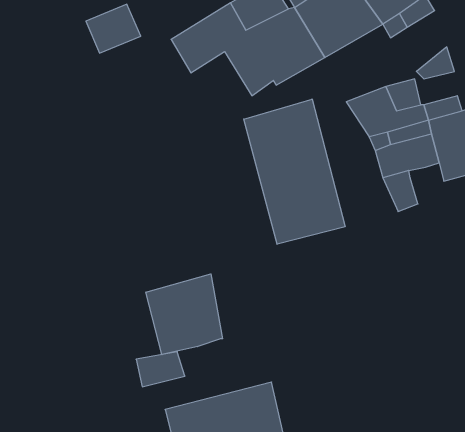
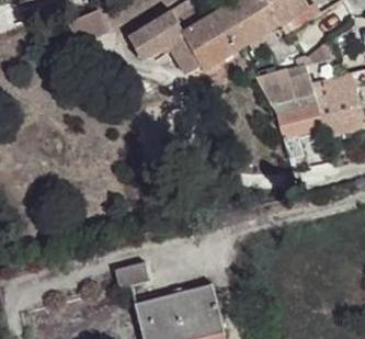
building: [244,99,345,244] -> none
building: [146,274,223,355] -> none

